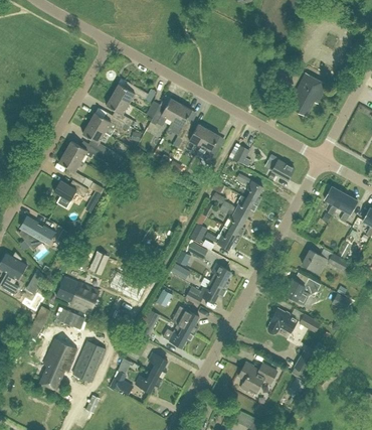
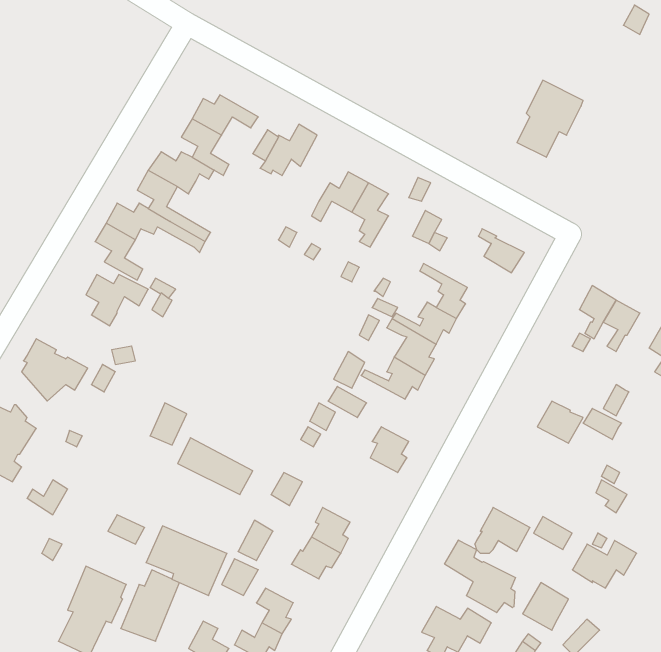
building: [166,104,191,140] -> none
building: [55,276,100,314] -> [146,526,227,596]
building: [285,278,320,304] -> [572,540,637,588]
building: [184,281,224,305] -> none
building: none -> [445,540,515,613]

